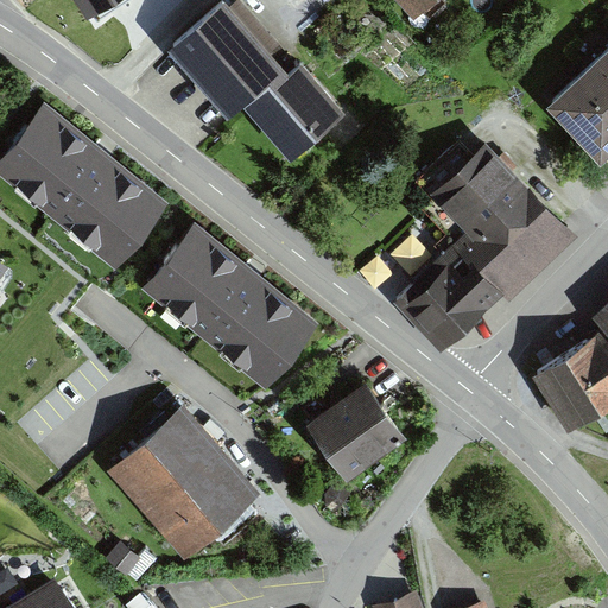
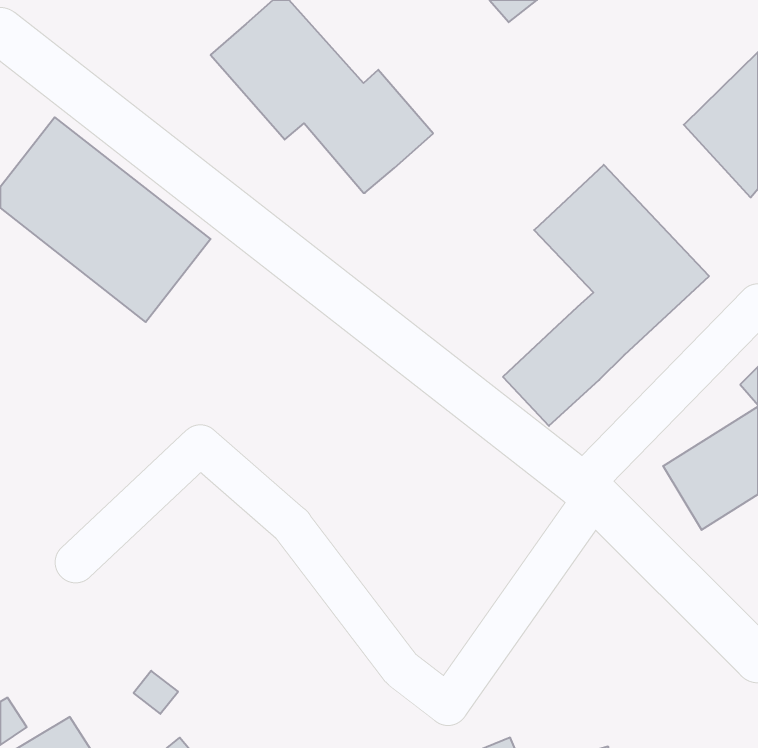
building: [142,222,319,387] -> none
building: [302,387,399,482] -> none
building: [109,411,254,558] -> none

